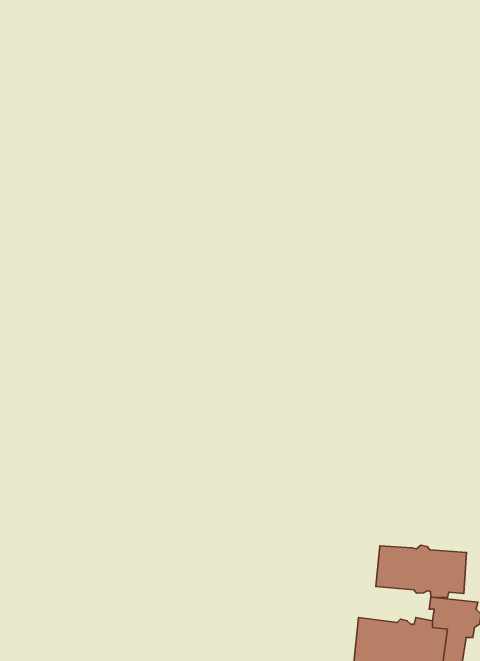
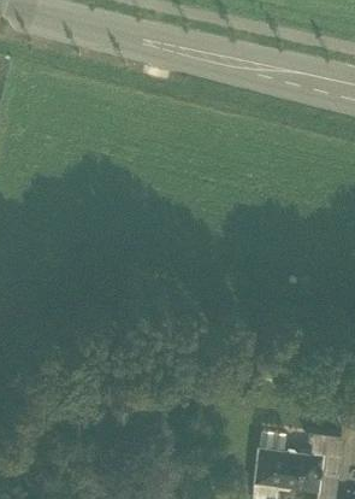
building: [376,545,466,598] -> none

